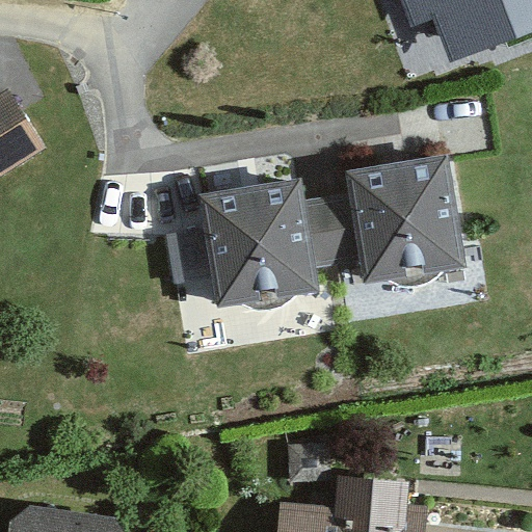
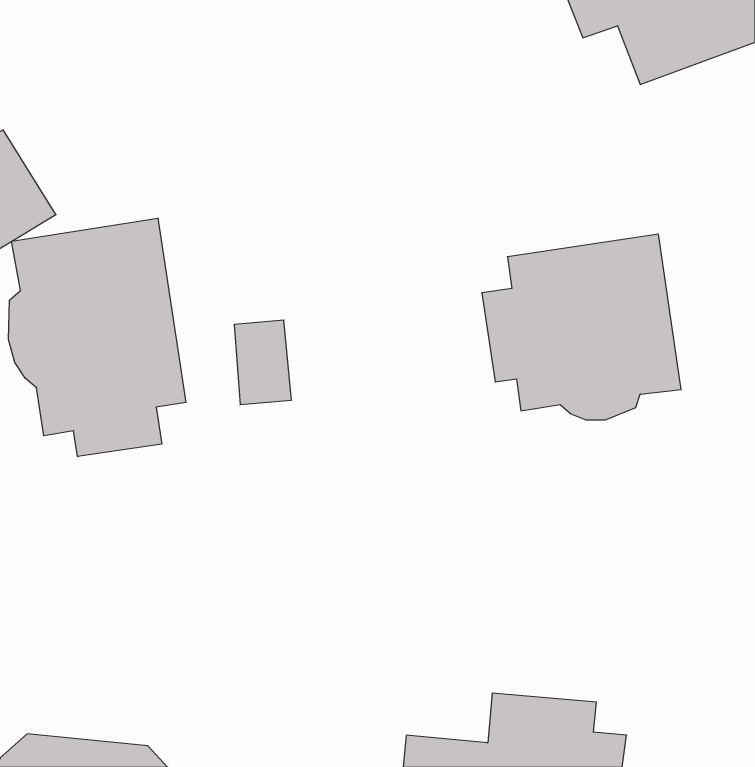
building: none -> [8,218,186,457]
building: [196,180,341,312] -> none

